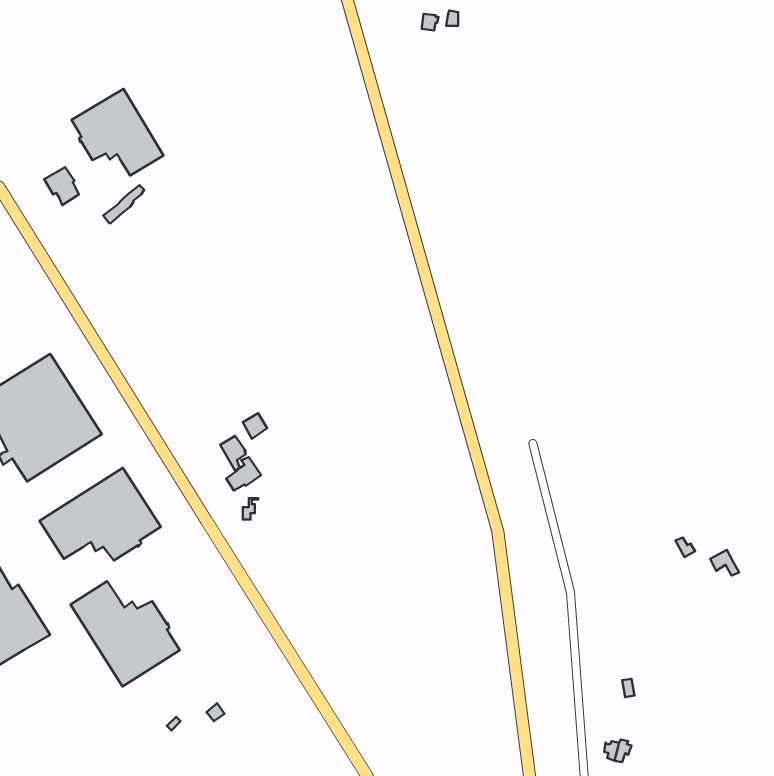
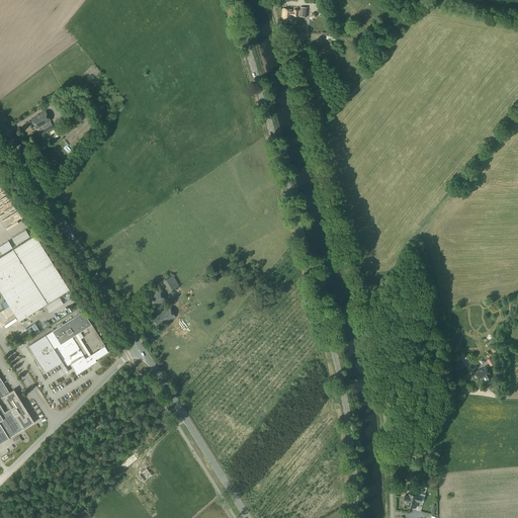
building: [71,89,164,176] -> none
building: [71,581,180,686] -> none

